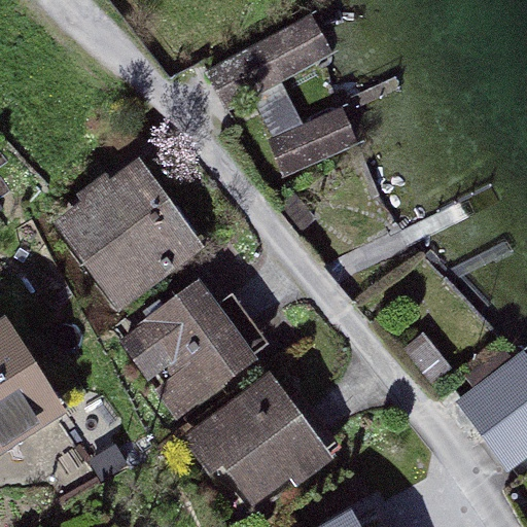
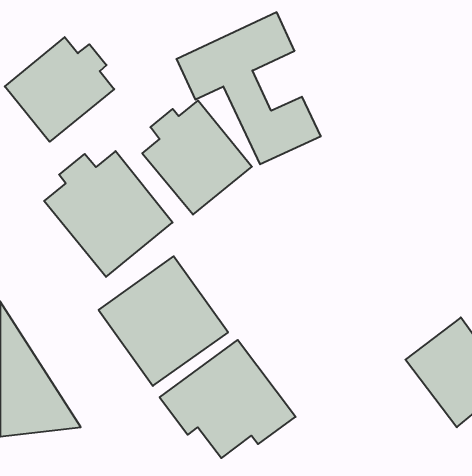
building: none -> [5,37,114,142]
building: none -> [142,101,252,215]

